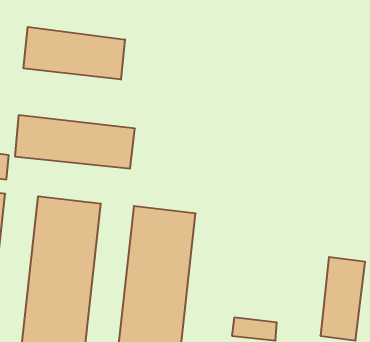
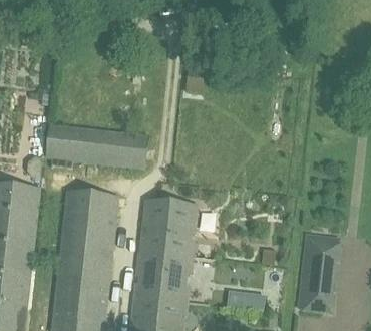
building: [24,27,125,80] -> none

